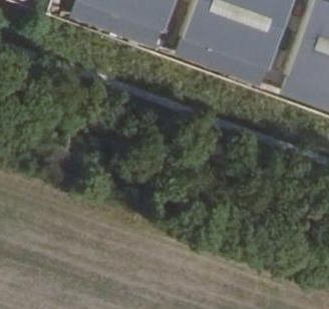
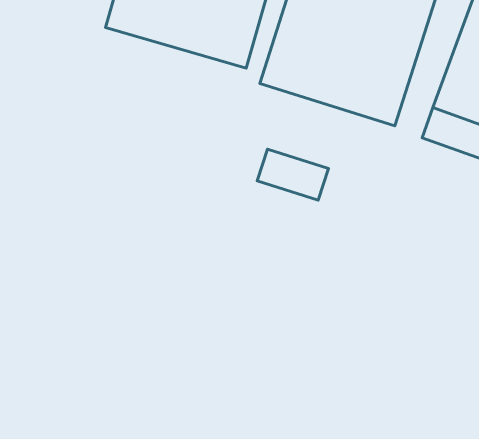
building: none -> [257,149,328,200]

